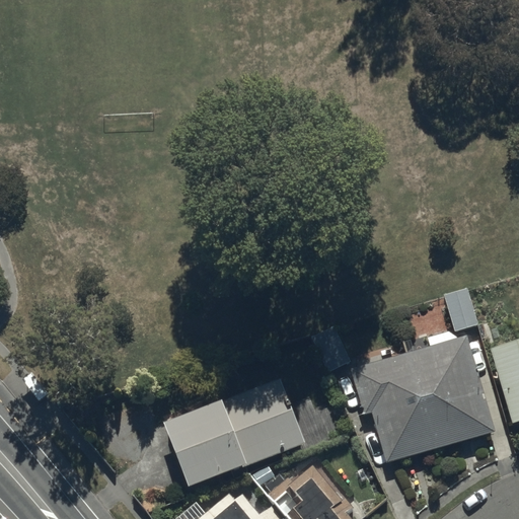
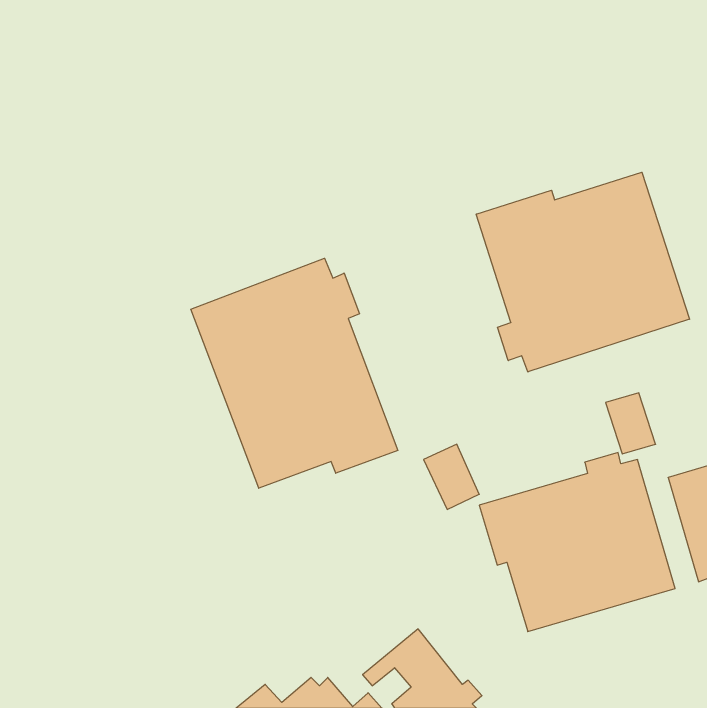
building: none -> [476,172,690,372]
building: none -> [191,258,398,488]
building: [164,379,306,487] -> none

